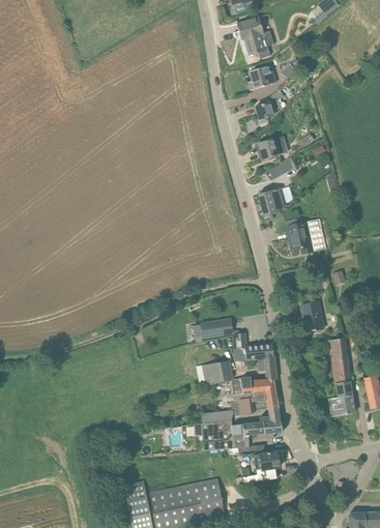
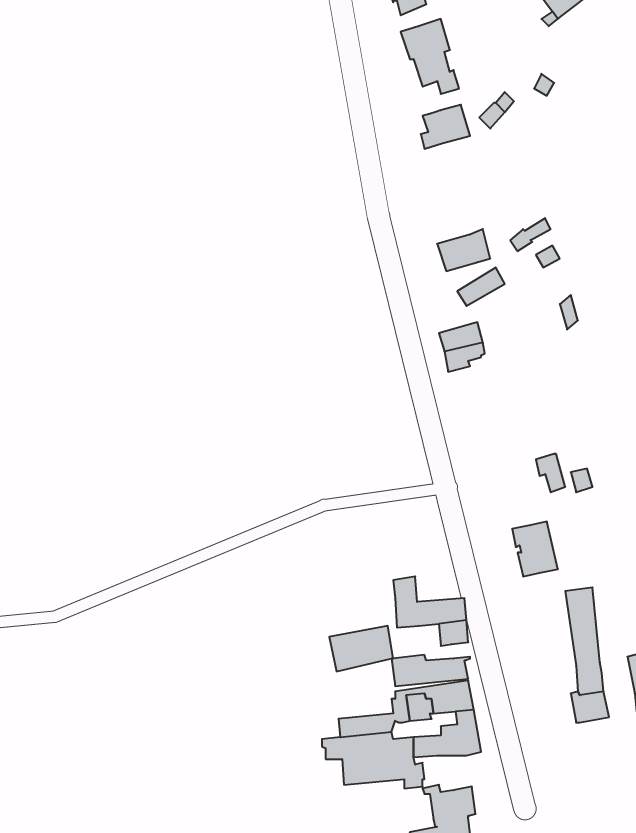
building: [255,88,284,122] -> none
building: [285,218,314,253] -> none
building: [200,318,233,336] -> none

